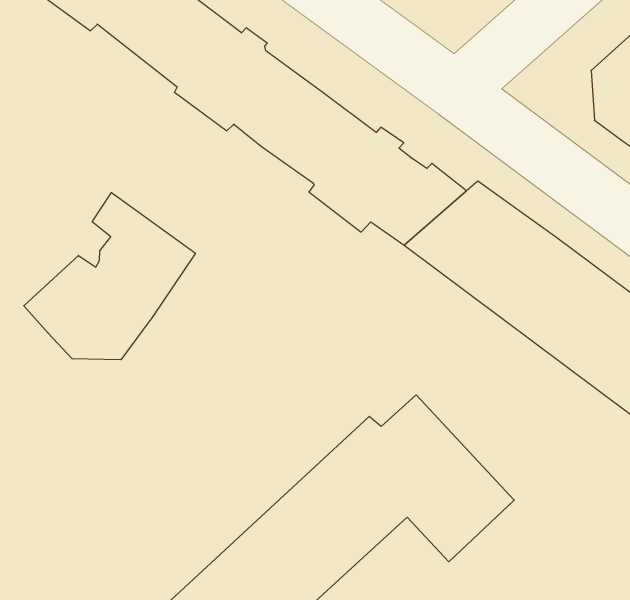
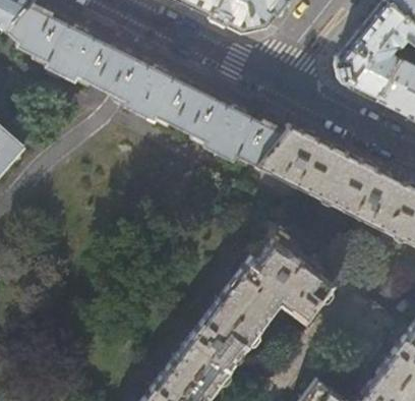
building: [24,193,195,360] -> none

